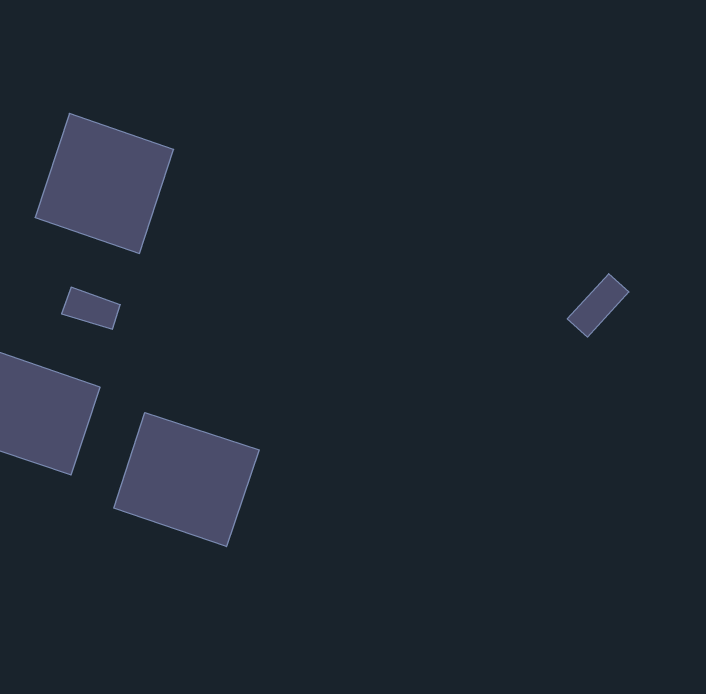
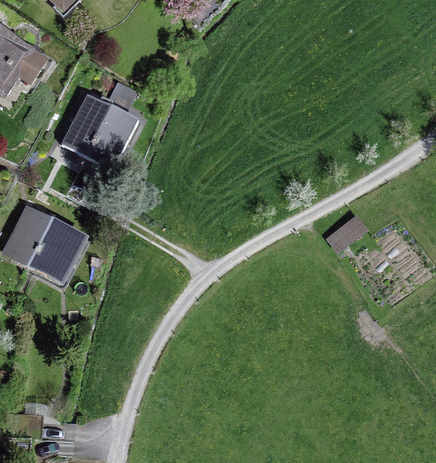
building: [114,413,259,547] -> none

